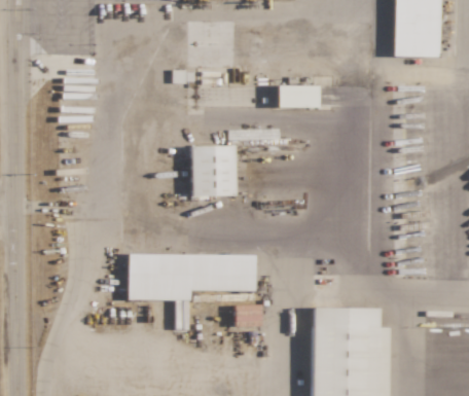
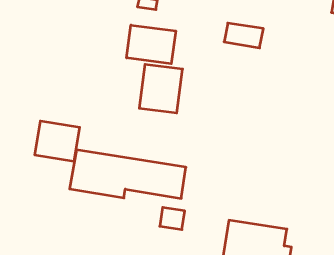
building: none -> [127,25,176,64]
building: none -> [35,121,80,161]

